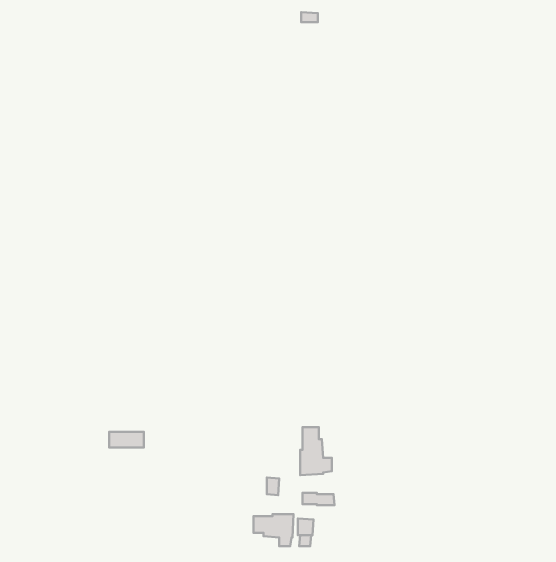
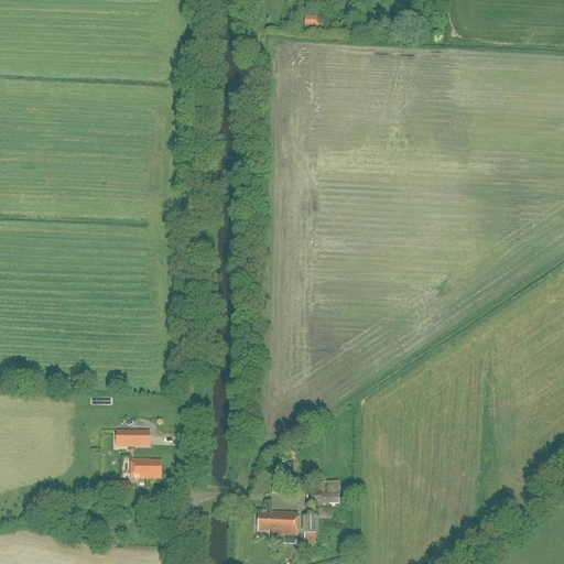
building: [300,427,332,475] -> none
building: none -> [131,457,161,476]

